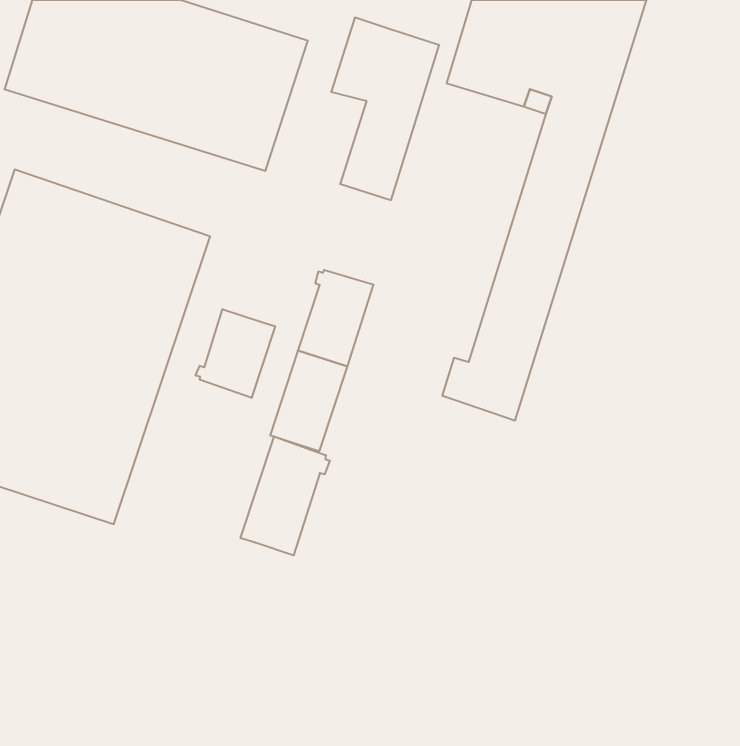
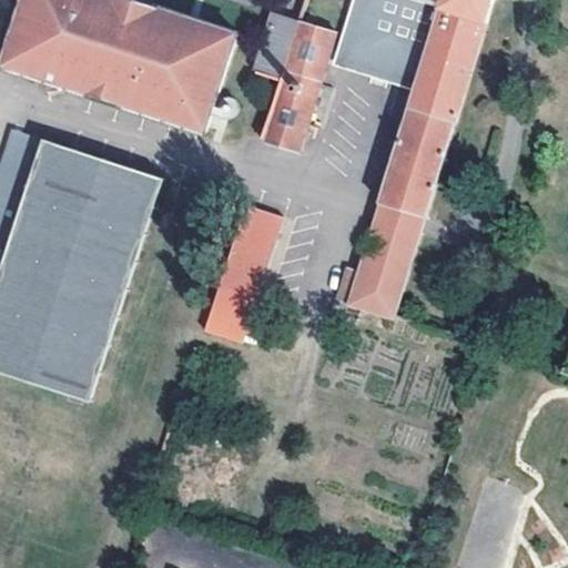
building: [196,309,275,398] -> none
building: [241,436,330,555] -> none

